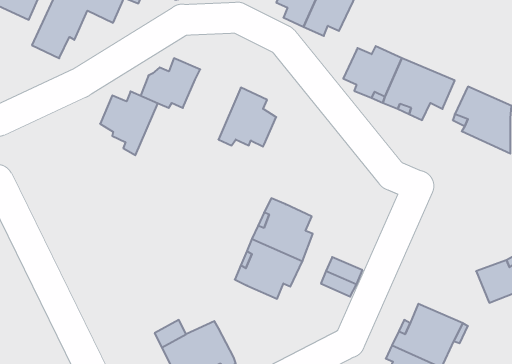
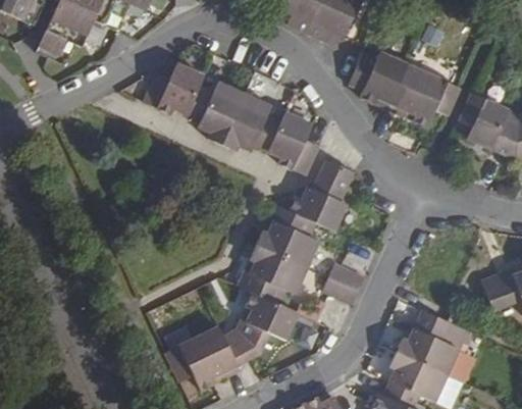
building: [100,91,158,155] -> [187,81,245,145]
building: none -> [268,111,320,173]
building: none -> [290,158,353,231]
building: none -> [222,292,298,364]

